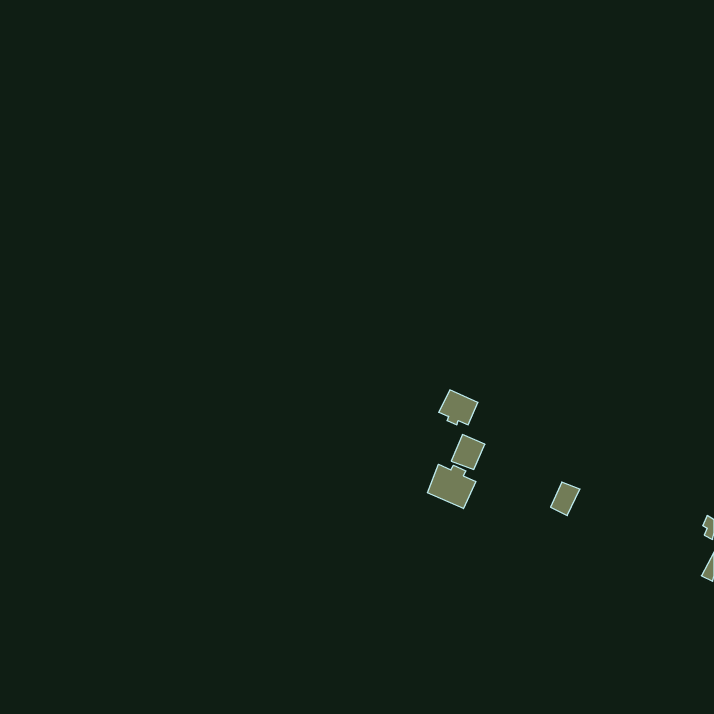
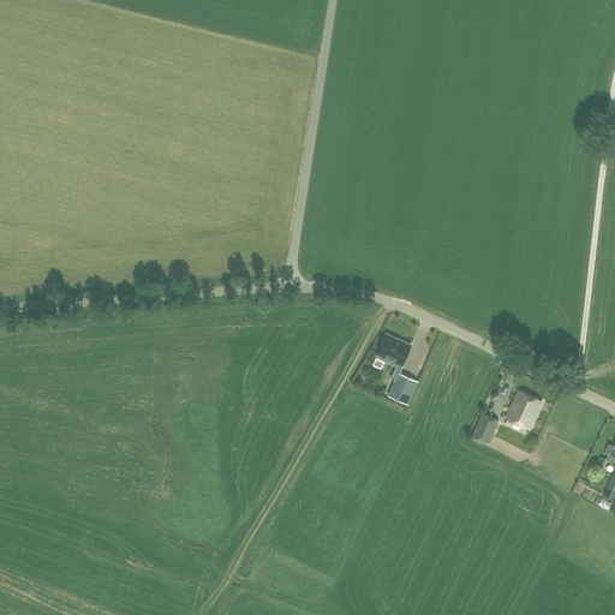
building: none -> [506,390,542,430]
building: [427,464,476,509] -> none

